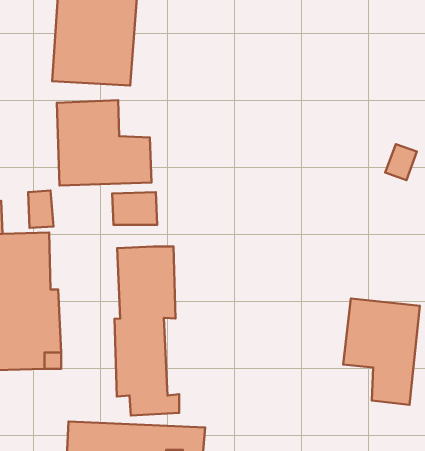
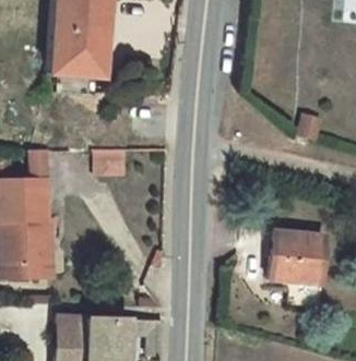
building: [57,100,152,185] -> none
building: [114,247,179,416] -> none

